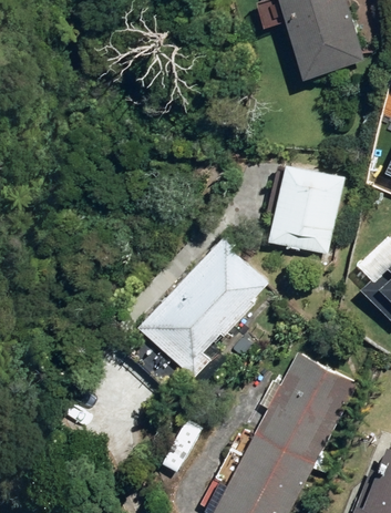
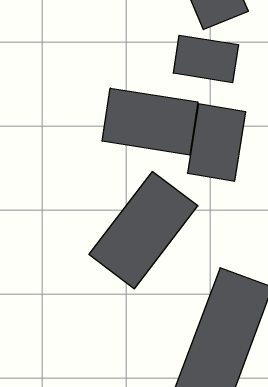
building: none -> [173,35,238,83]
building: none -> [102,88,198,155]

